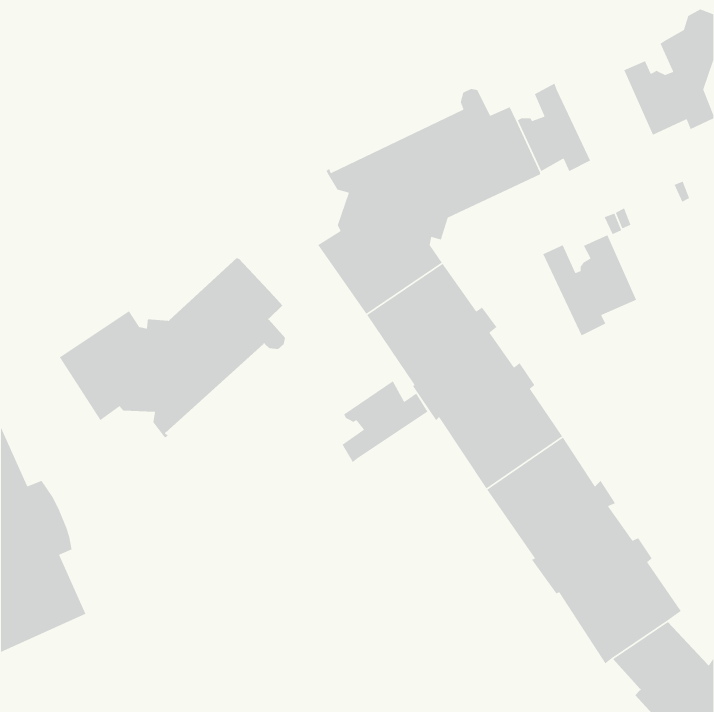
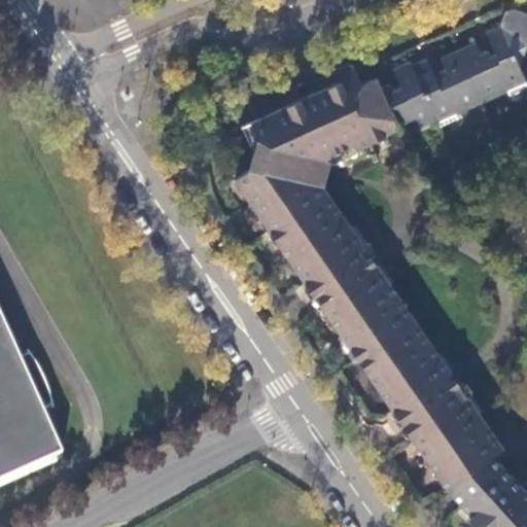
building: [542,234,637,336] -> [411,54,481,129]
building: [59,257,286,438] -> none
building: [342,380,429,463] -> none

